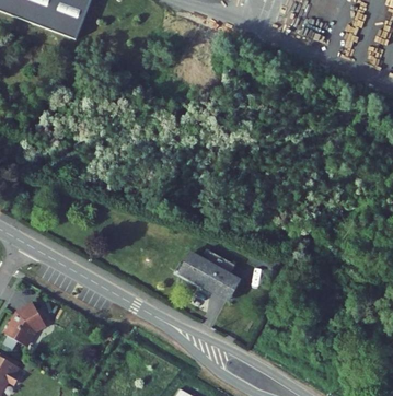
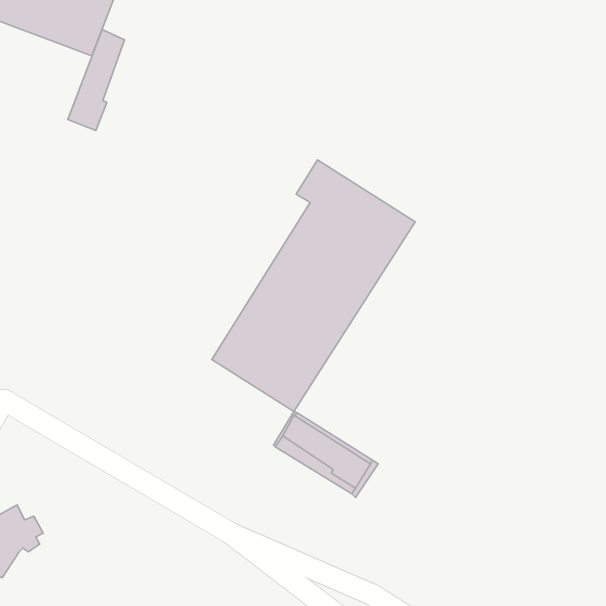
building: none -> [68,30,124,130]
building: none -> [212,160,415,411]

